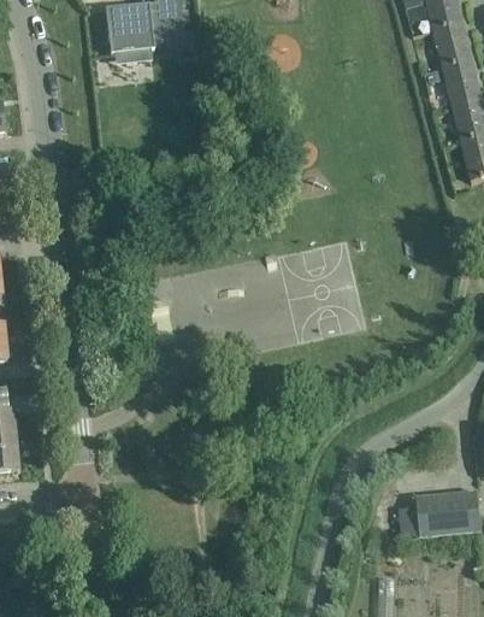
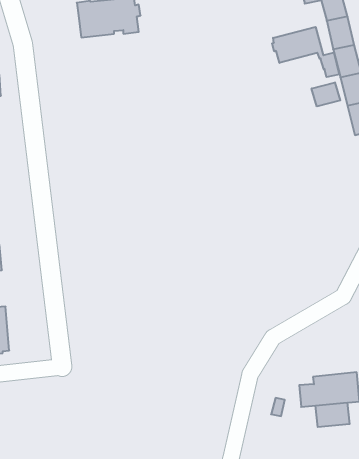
building: none -> [272,27,339,77]
building: none -> [312,82,340,106]
building: none -> [316,403,350,427]

